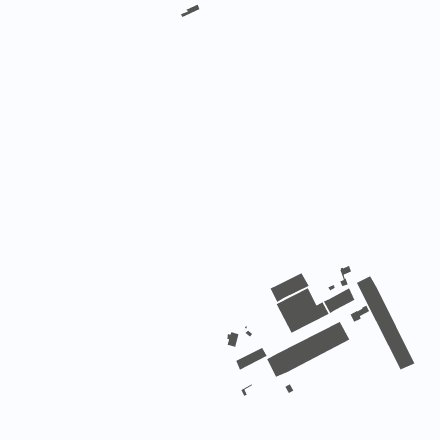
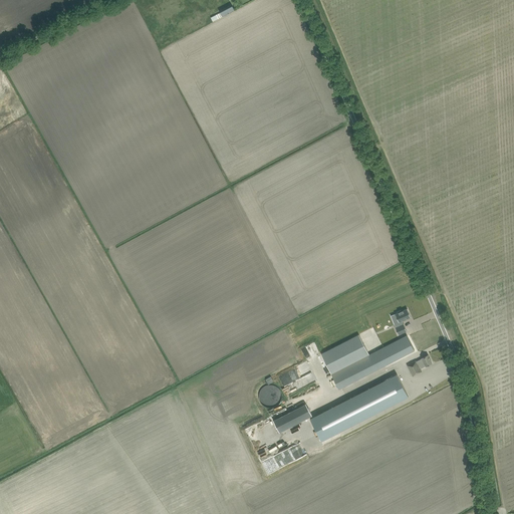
building: [269,272,310,303] -> none
building: [356,275,415,371] -> none

